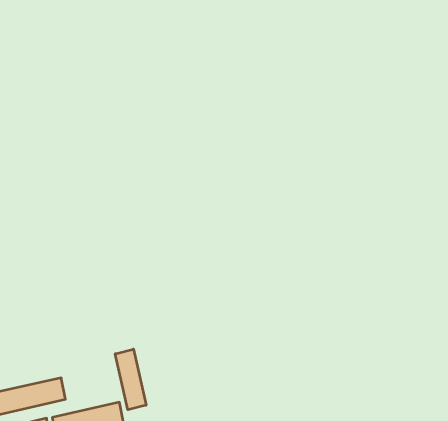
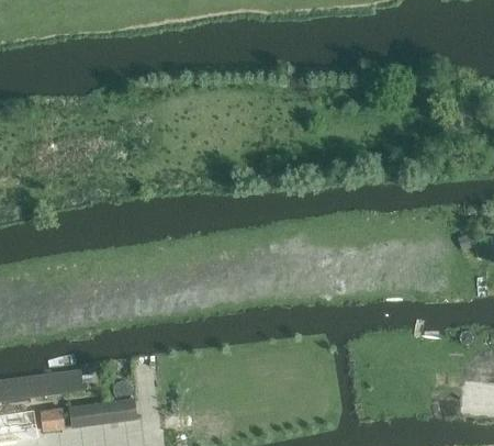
building: [115,349,146,410] -> none

